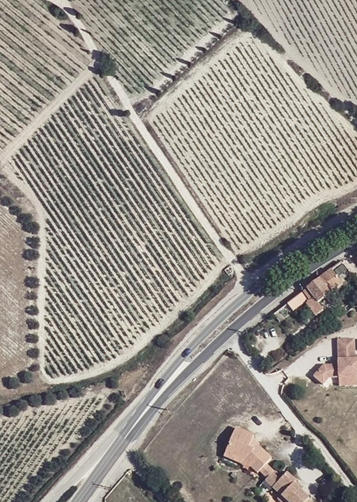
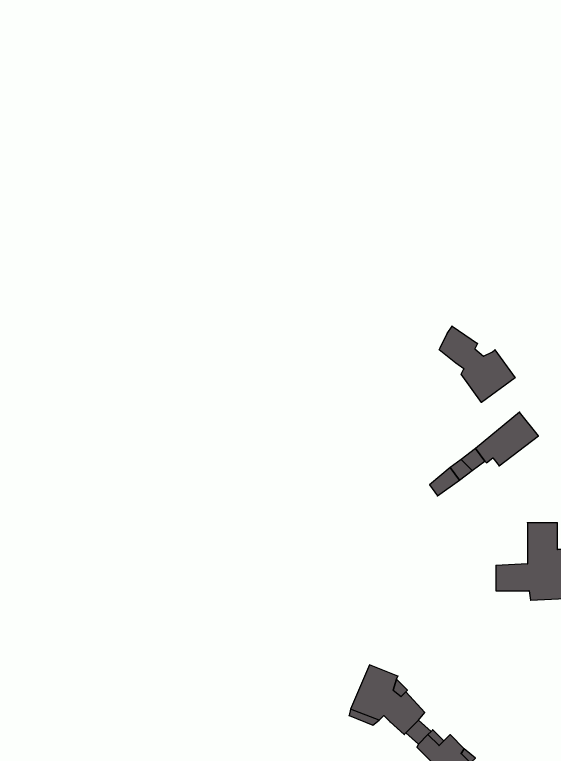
building: none -> [439,326,515,402]

